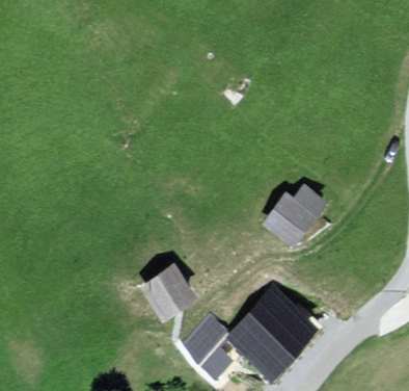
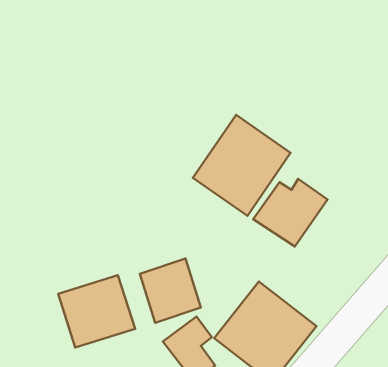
building: none -> [193,115,291,216]
building: none -> [58,275,135,347]

